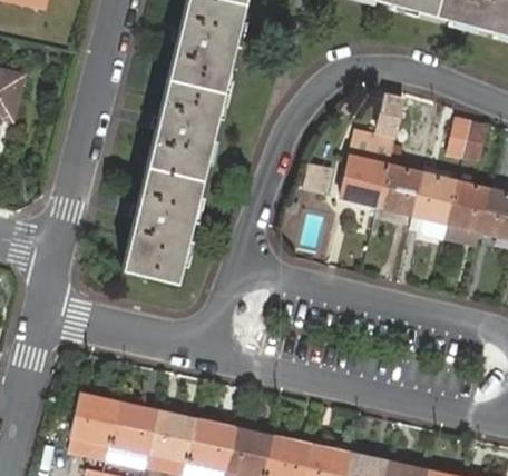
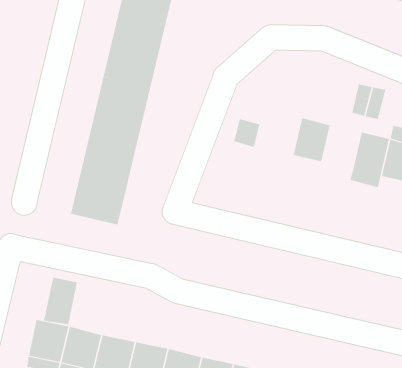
building: [340,93,402,202] -> none
building: [412,168,458,219] -> none
building: none -> [43,277,77,325]

